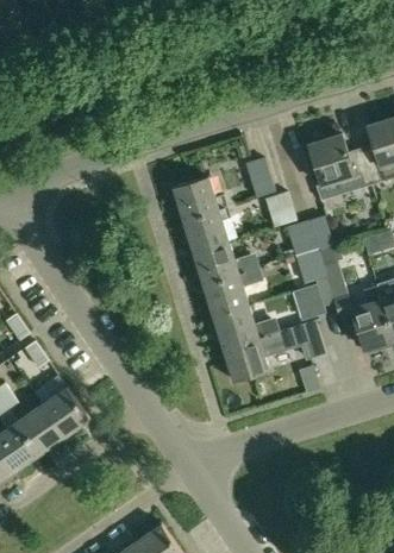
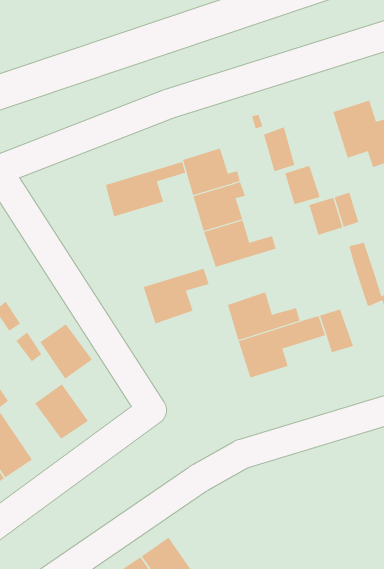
building: none -> [105,161,186,217]
building: [294,247,325,283] -> none
building: [202,266,262,316] -> [143,268,209,324]
building: [293,284,325,320] -> none
building: [17,404,64,454] -> [39,324,93,379]

